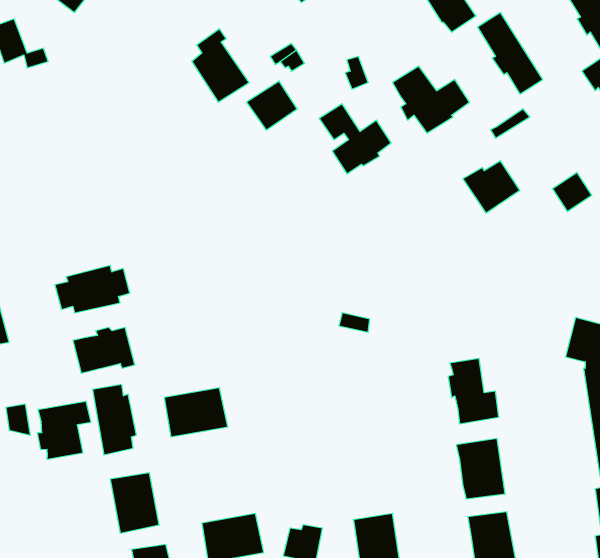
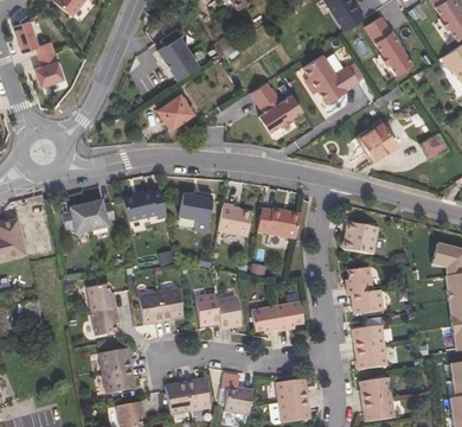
building: none -> [36,51,64,87]
building: [247,81,297,130] -> [158,94,194,129]
building: none -> [179,196,213,232]
building: none -> [258,200,301,231]
building: none -> [219,202,251,236]
building: none -> [342,221,377,251]
building: [73,327,135,373] -> [122,191,167,224]
building: none -> [195,294,240,329]
building: [38,401,91,459] -> none
building: none -> [252,301,303,331]

